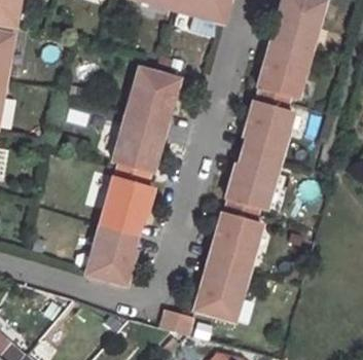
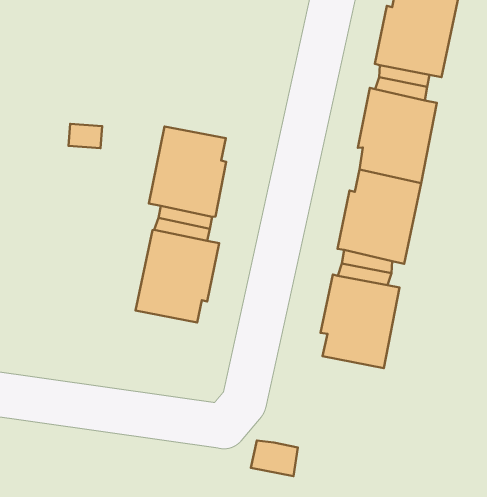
building: [126,68,180,124] -> none
building: [86,225,137,285] -> none
building: [195,262,249,321] -> none

